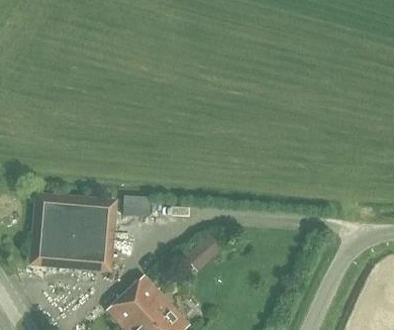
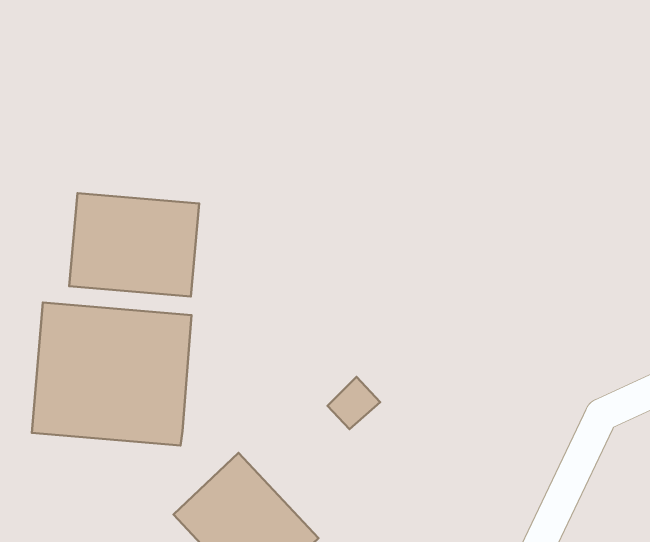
building: none -> [69,193,199,296]
building: [121,195,150,217] -> none

